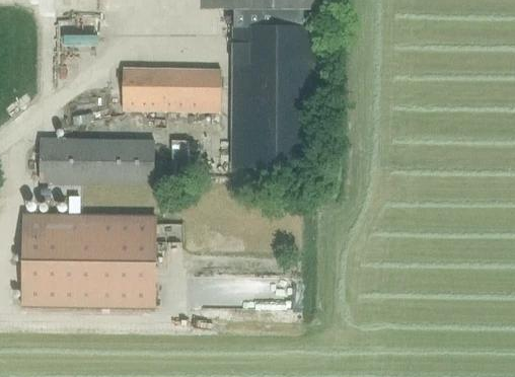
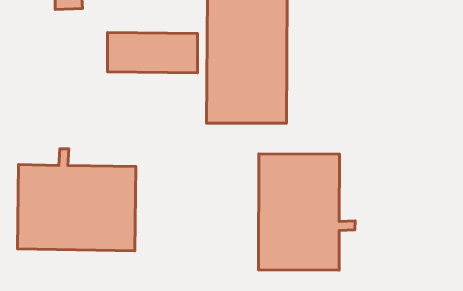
building: [38,138,154,183] -> none
building: none -> [258,154,355,270]

